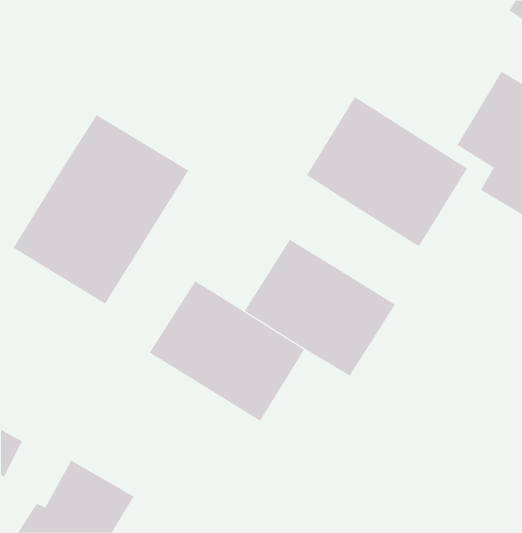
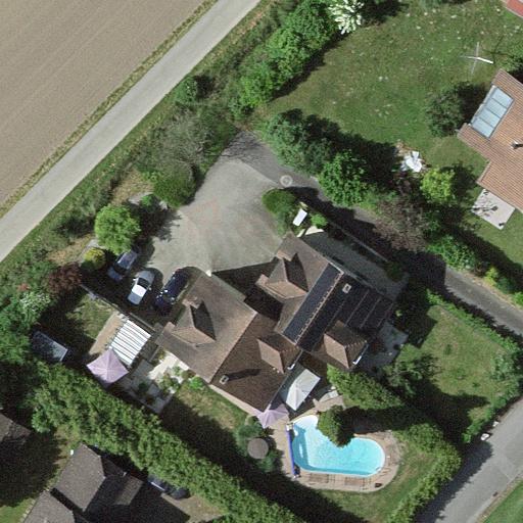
building: [306,96,468,247] -> none
building: [13,114,189,304] -> none

